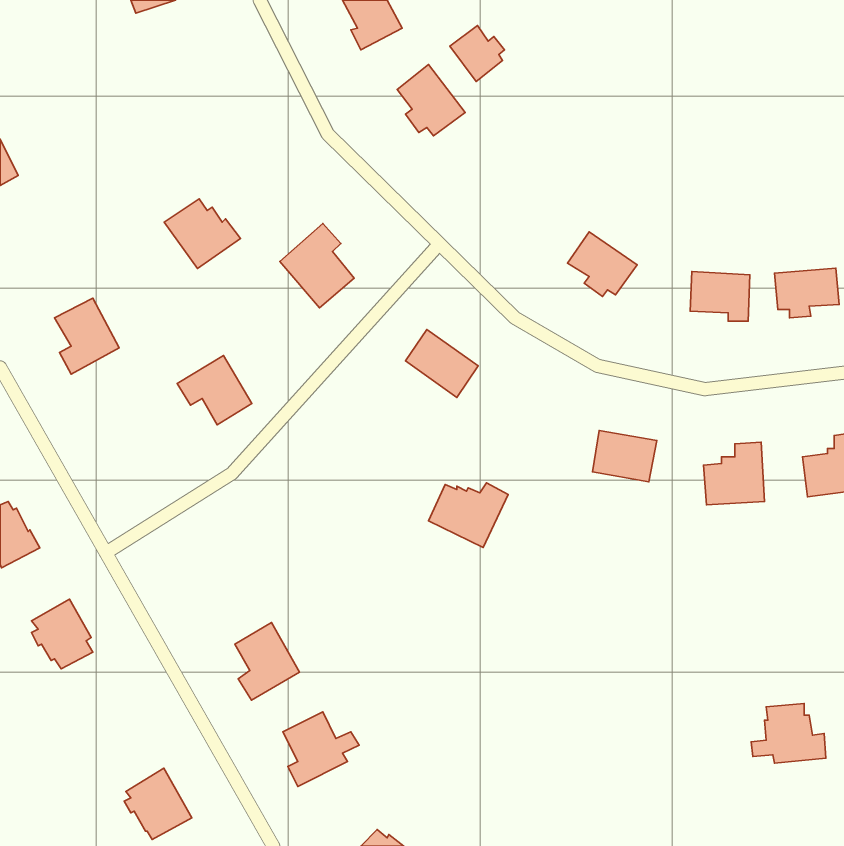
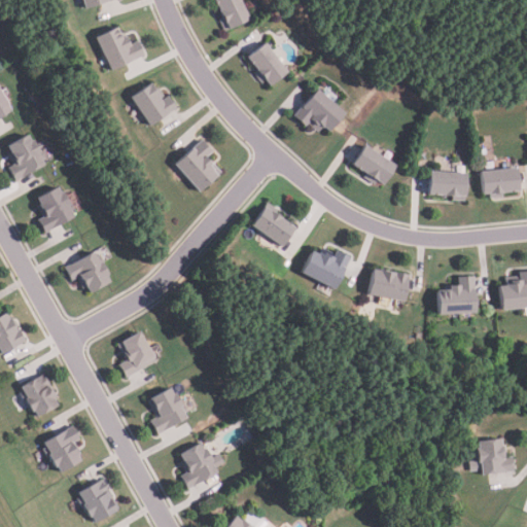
building: [450,25,505,81] -> none
building: none -> [96,26,144,70]
building: none -> [295,87,346,132]
building: [164,199,240,268] -> [130,82,177,126]
building: none -> [5,133,45,181]
building: [177,355,252,425] -> [64,249,110,292]
building: [429,483,508,547] -> [301,250,350,290]
building: none -> [116,331,155,378]
building: none -> [43,425,82,470]

